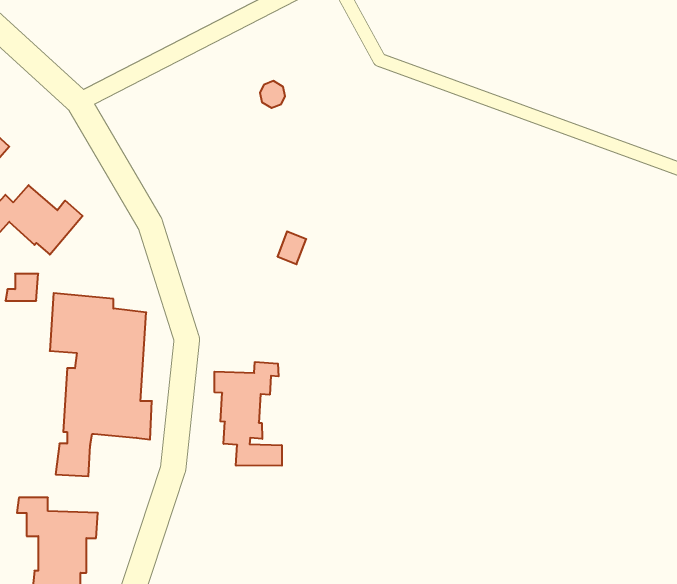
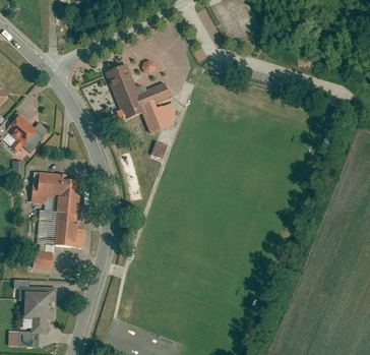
building: none -> [106,63,171,132]
building: [214,362,282,466] -> none

